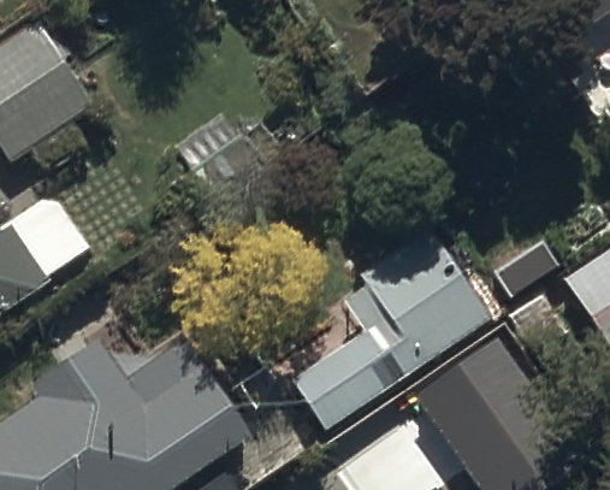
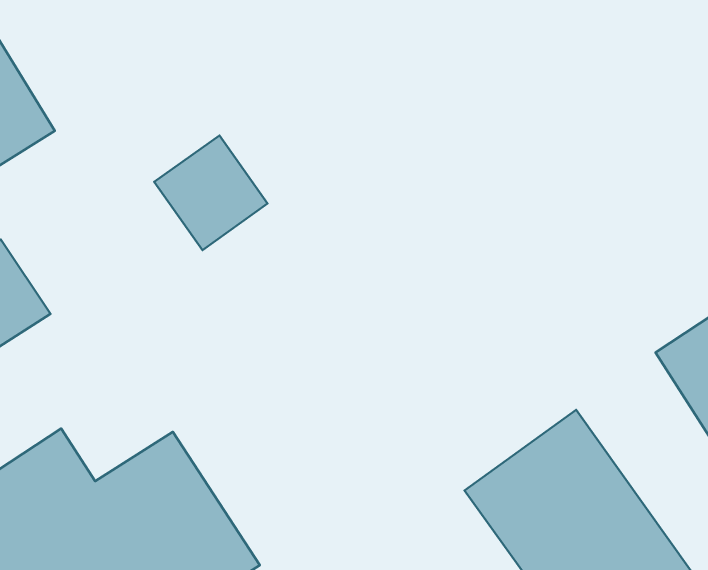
building: [291,230,487,432] -> none

